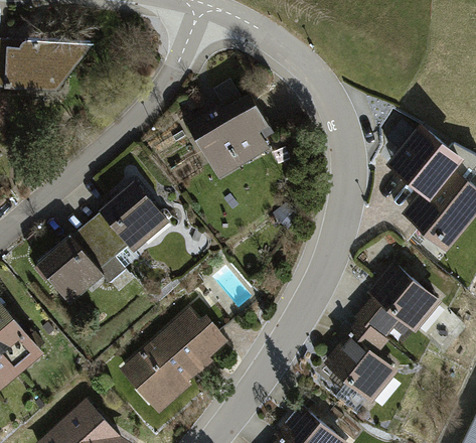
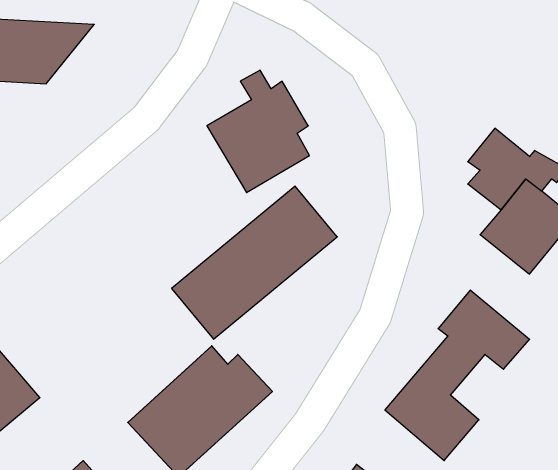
building: [36,179,171,304] -> [172,186,337,339]

